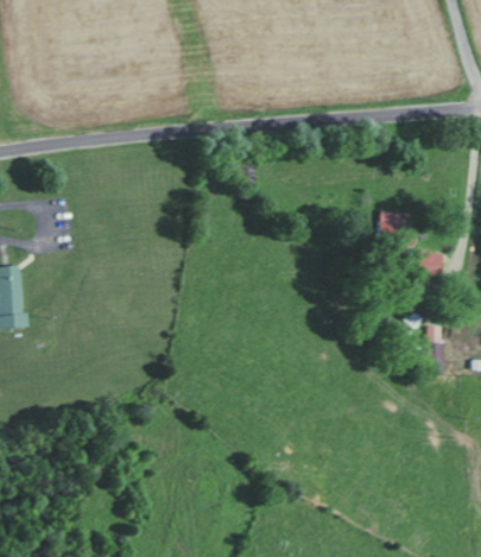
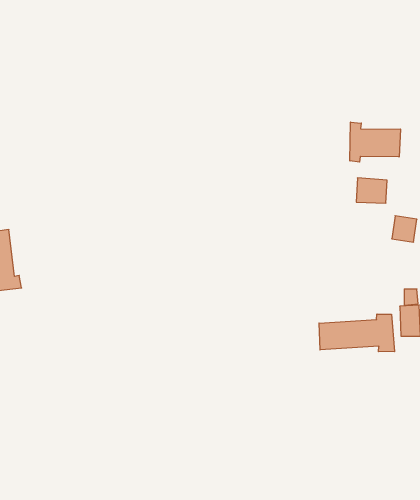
building: none -> [350,122,400,162]
building: none -> [319,314,395,352]

